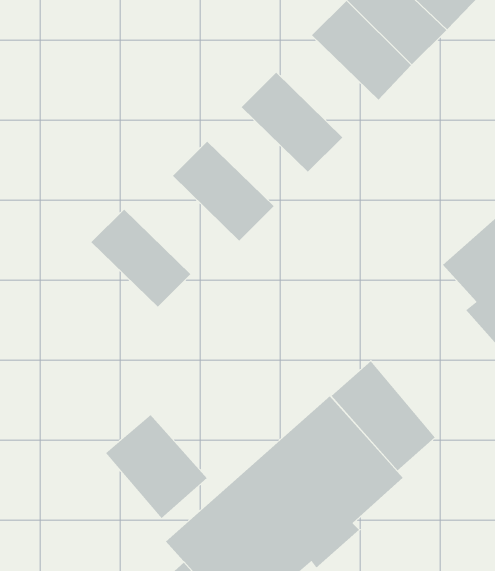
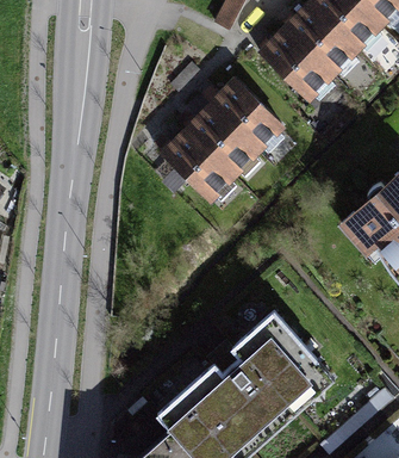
building: [91,209,191,308] -> [187,105,258,175]
building: [331,361,436,471] -> none
building: [105,414,207,519] -> none

